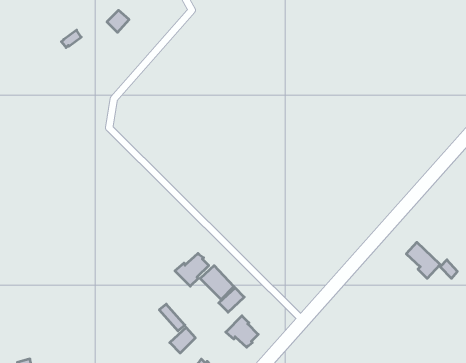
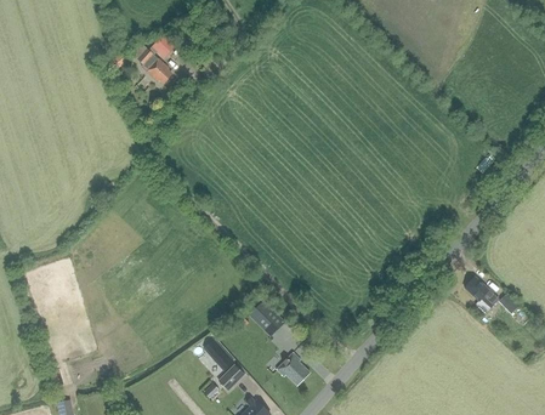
building: none -> [132,44,171,83]
building: [175,253,209,286] -> none

